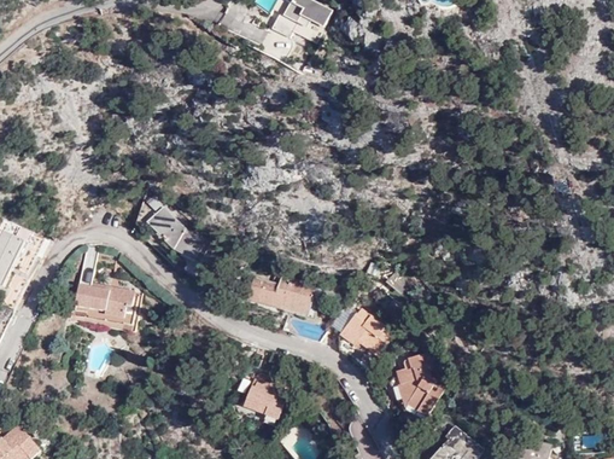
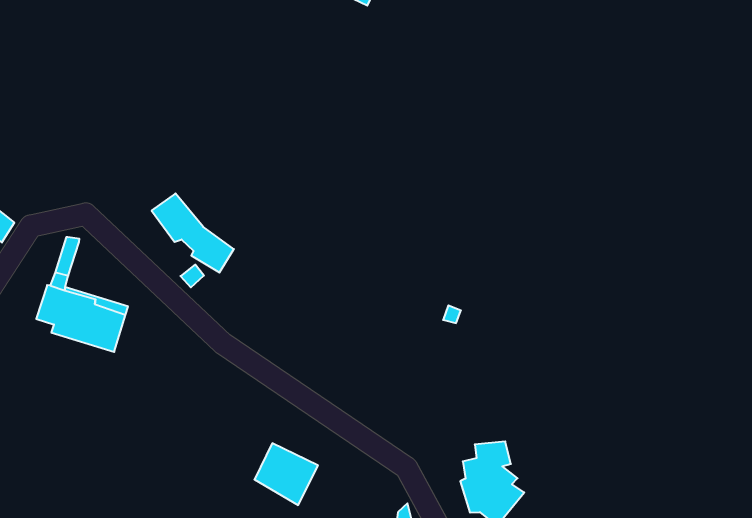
building: [248,277,315,313] -> none
building: [335,310,392,358] -> none

